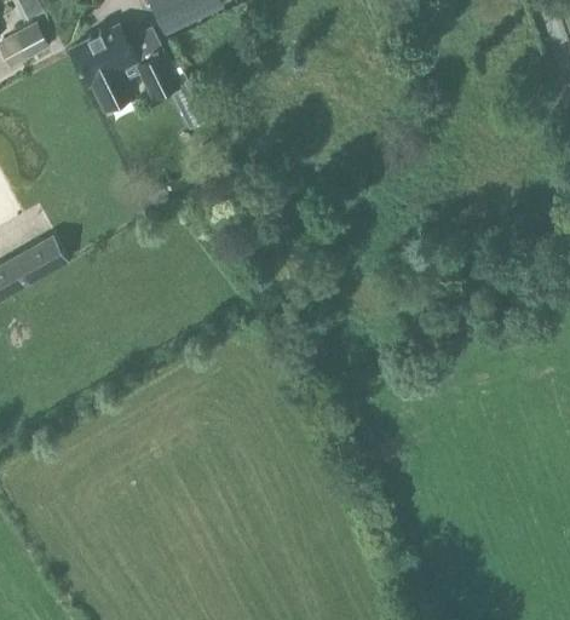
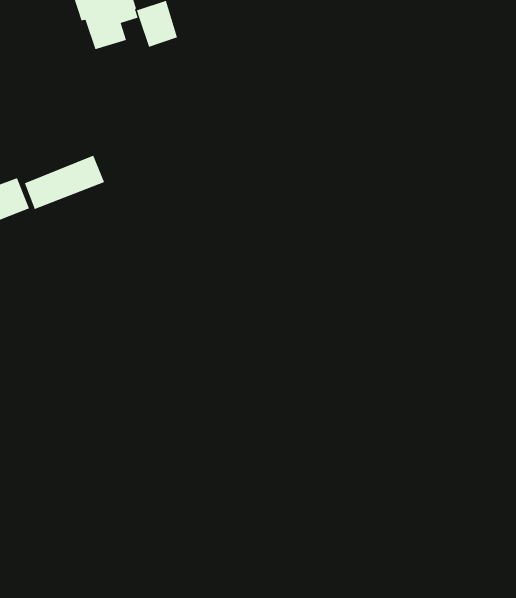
building: none -> [24,155,105,210]

